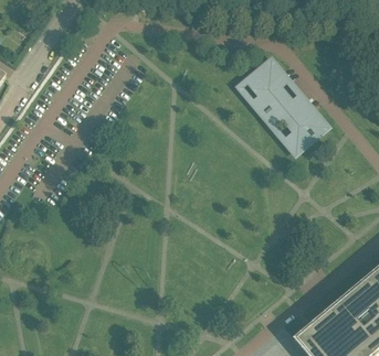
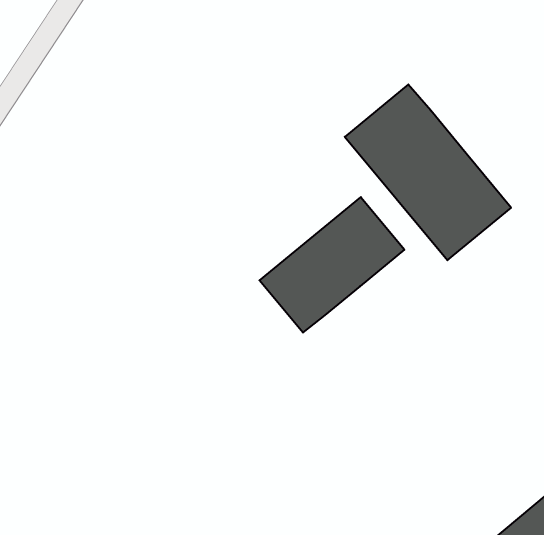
building: none -> [259,197,404,333]

